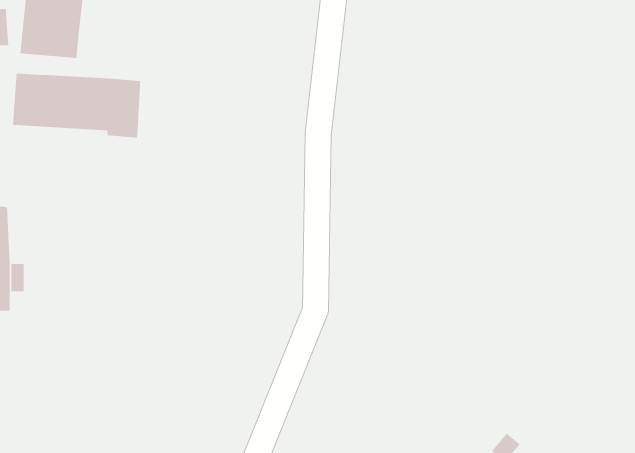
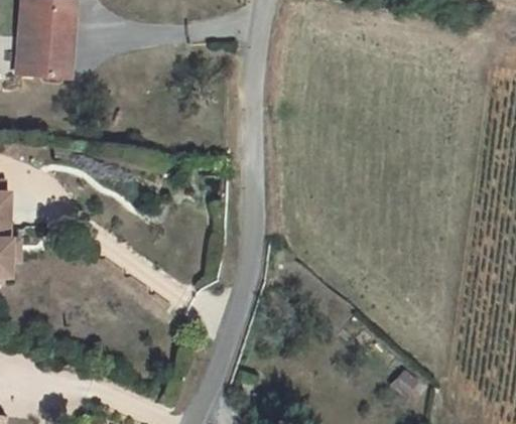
building: [12,73,141,138] -> none

